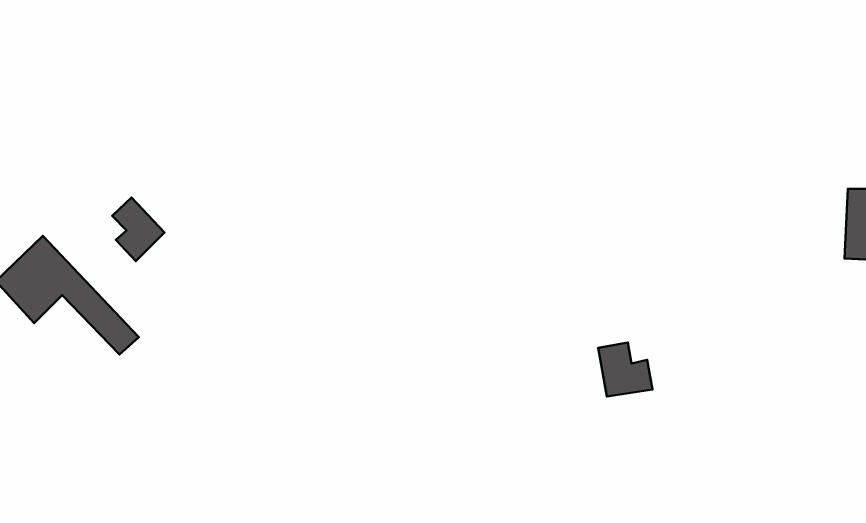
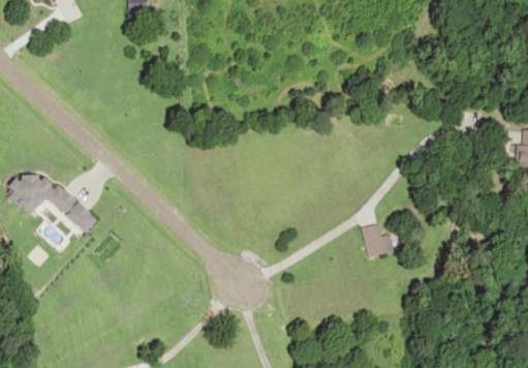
building: [112,198,164,261] -> none

